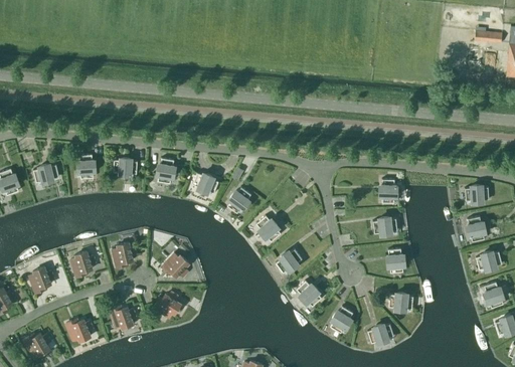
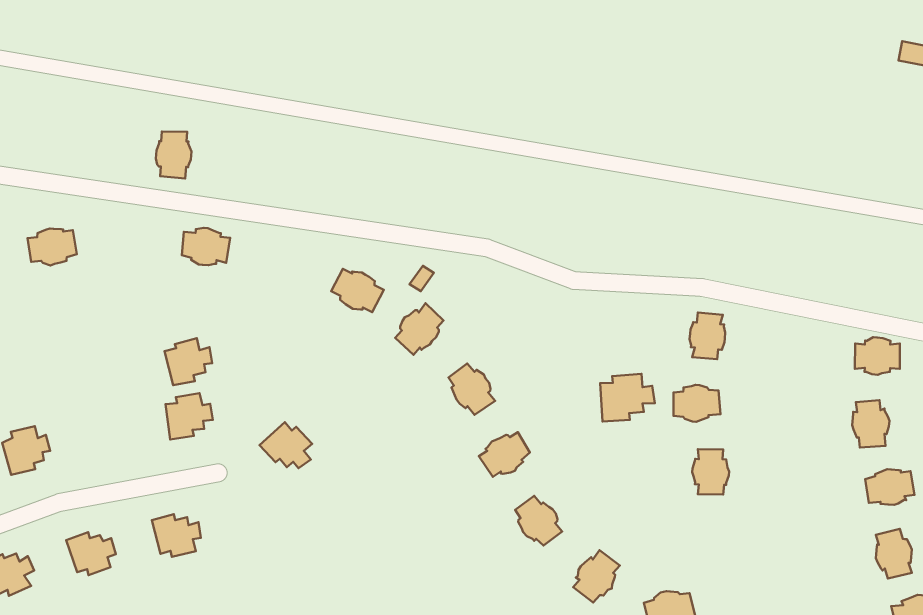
building: [76,155,95,179] -> [156,132,191,178]
building: [156,159,174,184] -> none
building: none -> [600,374,655,421]
building: [69,252,95,278] -> [164,338,212,385]
building: [153,293,180,319] -> none
building: [387,293,412,312] -> none

